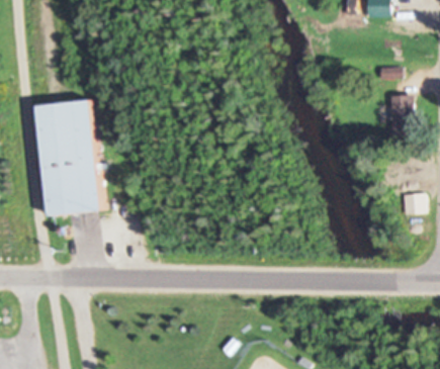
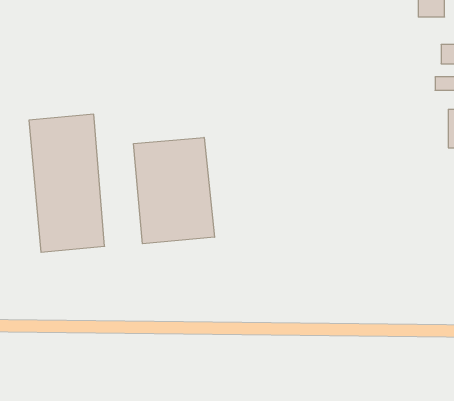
building: none -> [134,137,215,244]

